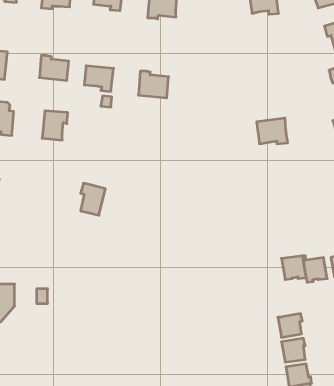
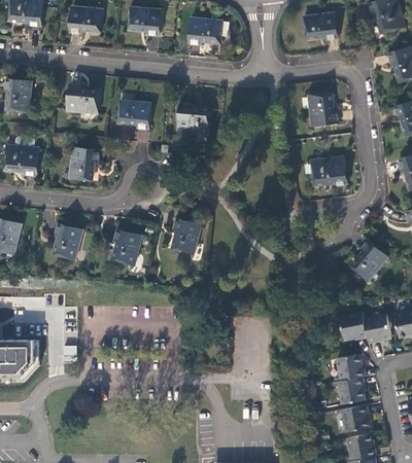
building: none -> [307,92,337,124]
building: none -> [173,218,202,254]
building: none -> [54,223,82,259]
building: none -> [350,239,386,278]
building: none -> [335,352,363,379]

